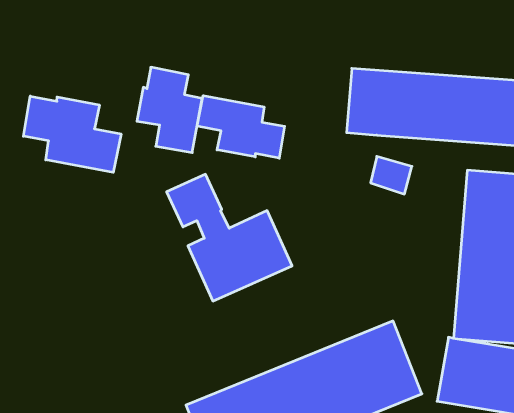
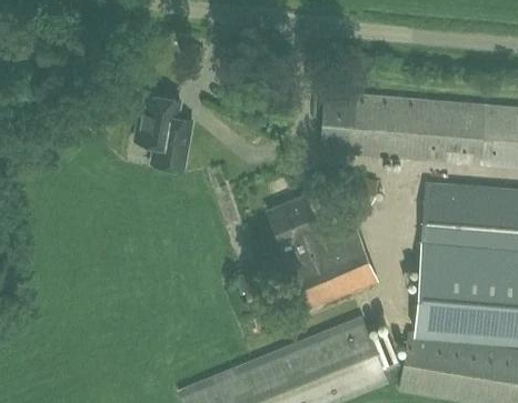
building: [197,96,285,158] -> none
building: [23,96,121,172] -> none
building: [167,174,292,301] -> [268,195,379,308]

